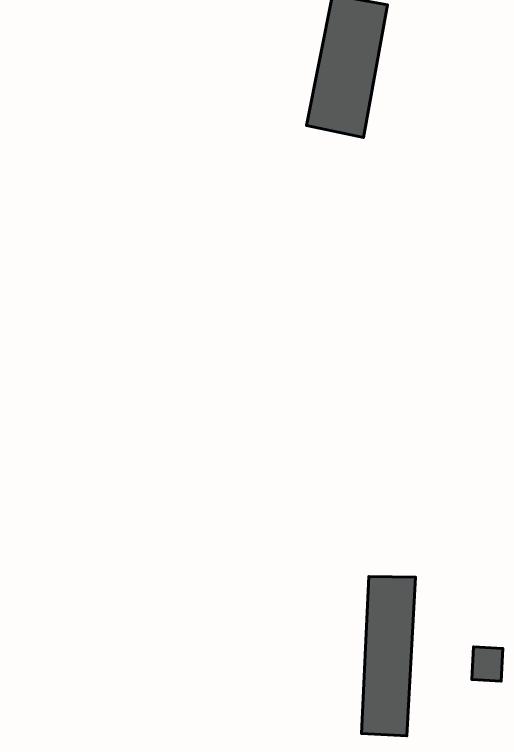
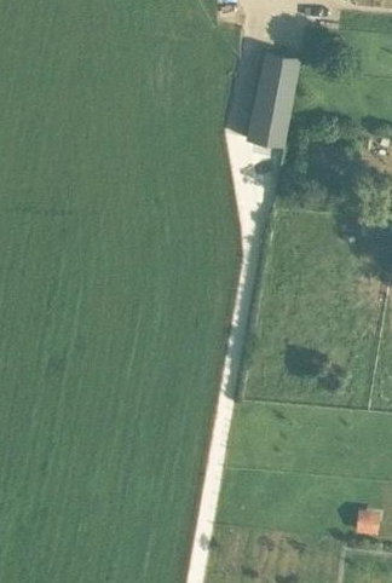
building: [362,576,416,736] -> none

